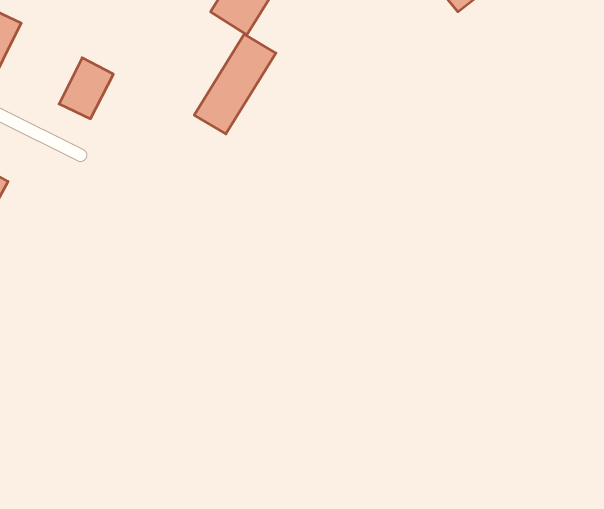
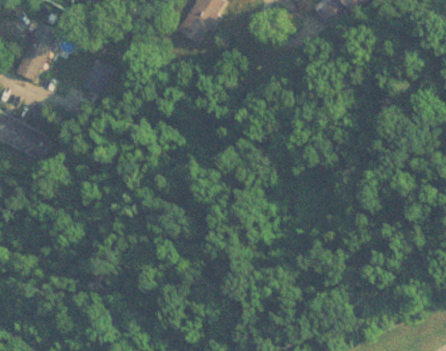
building: [194,34,276,134] -> none

